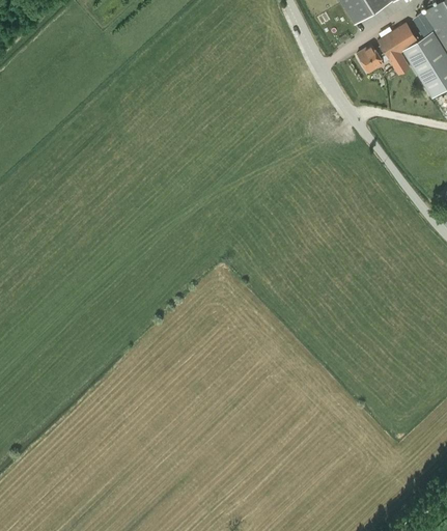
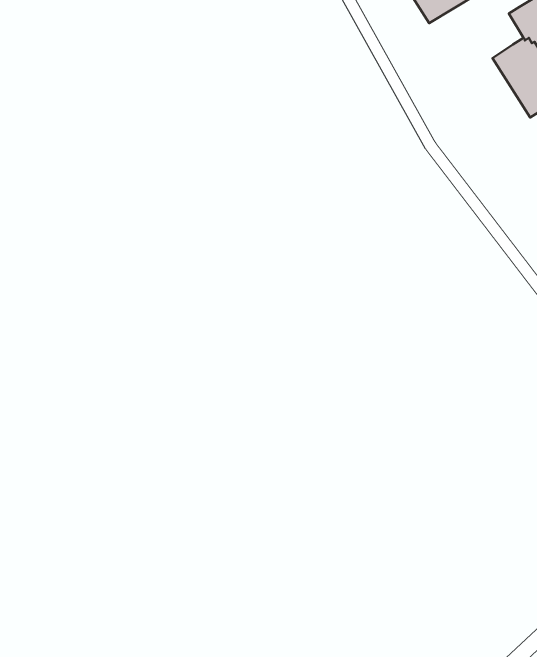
building: [358,22,419,72] -> none

